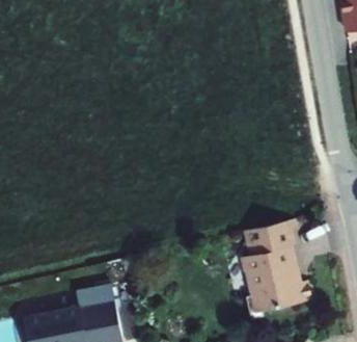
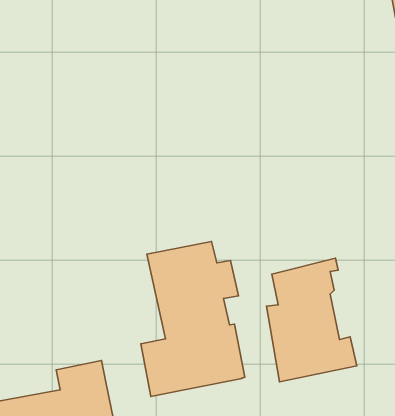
building: none -> [141,241,245,397]

